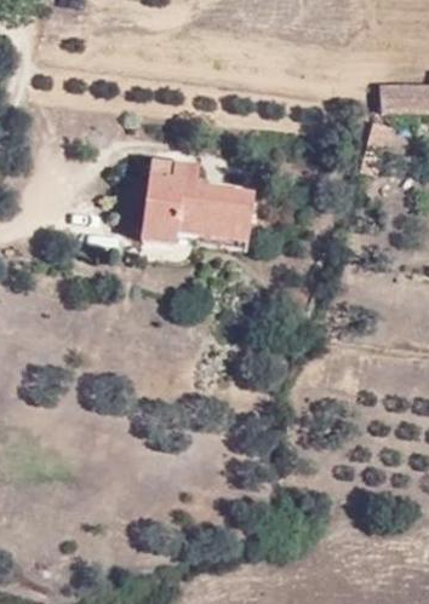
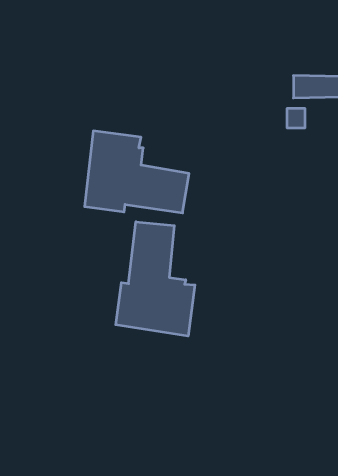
building: none -> [116,222,195,336]

